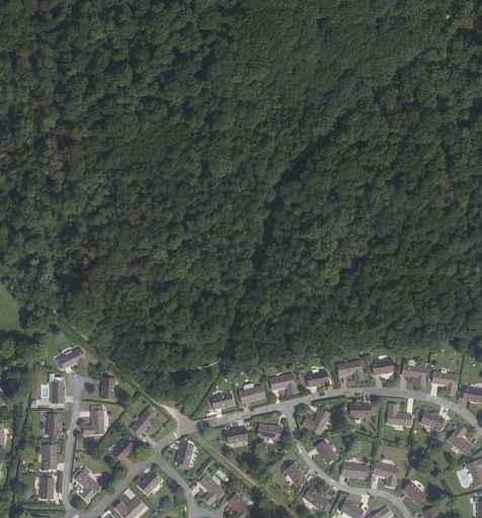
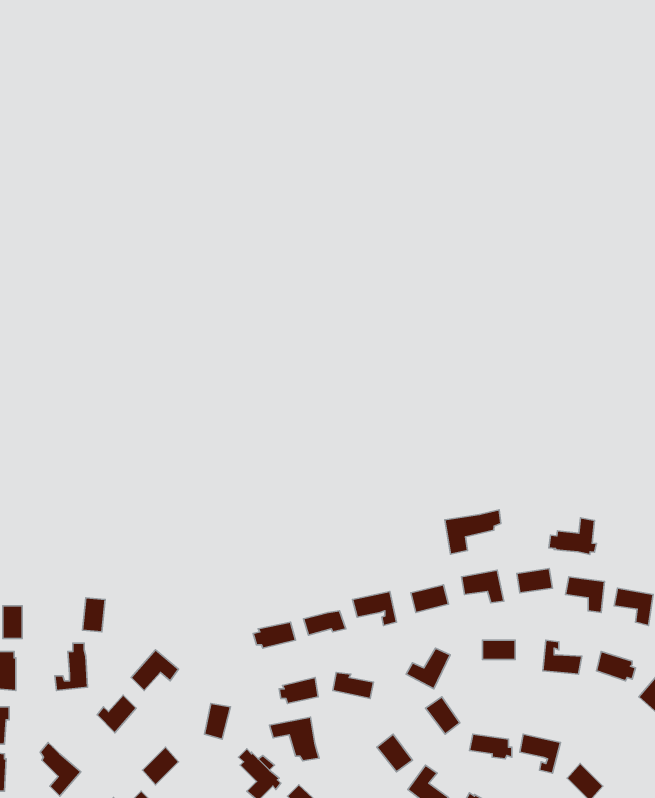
building: none -> [445,510,501,554]
building: none -> [549,518,596,554]
building: [55,347,88,368] -> none
building: none -> [270,717,319,761]

